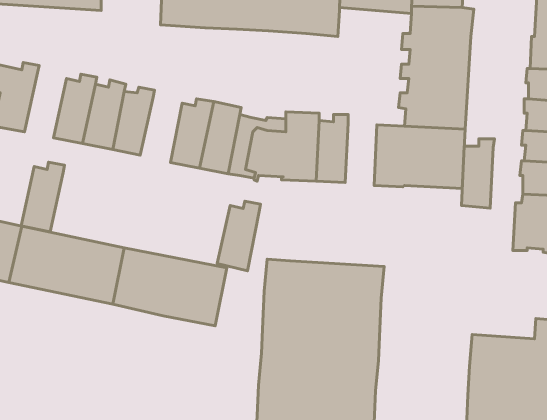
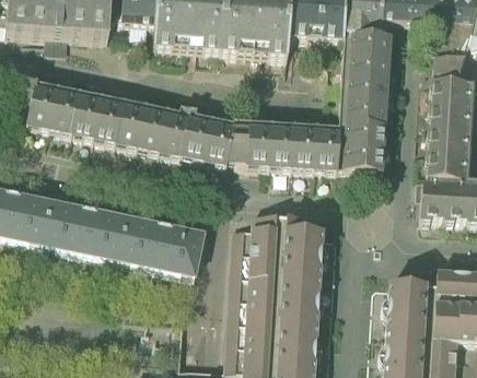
building: [461,139,495,208] -> [294,117,319,169]
building: [21,162,65,232] -> [51,81,84,133]
building: [217,201,261,271] -> [139,99,172,152]

